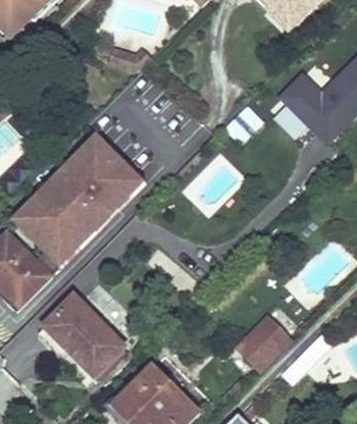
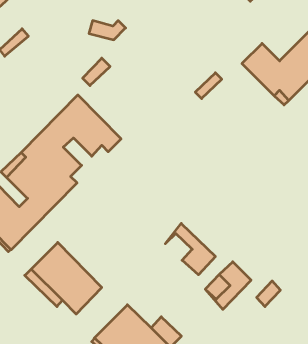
building: [81,179,131,229] -> none
building: none -> [165,223,215,275]

